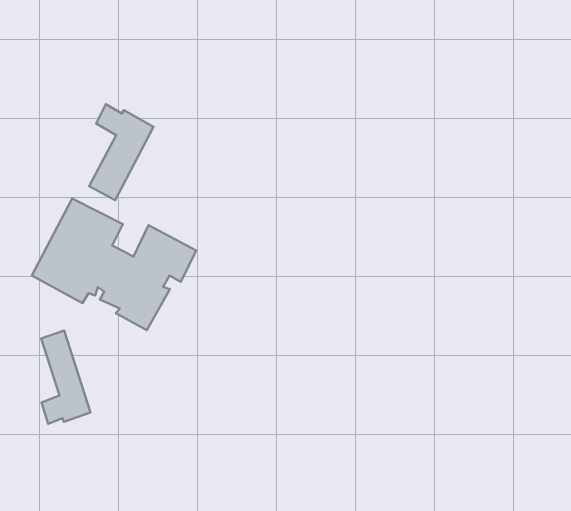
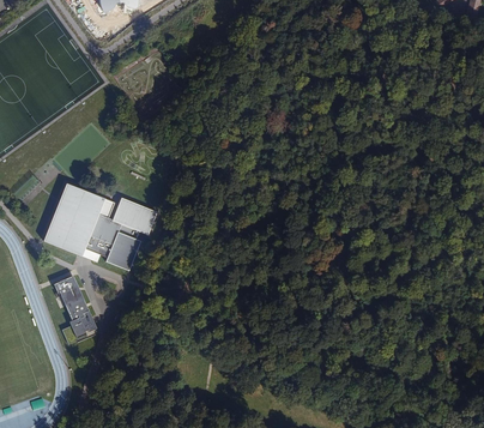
building: [89,104,154,200] -> none

